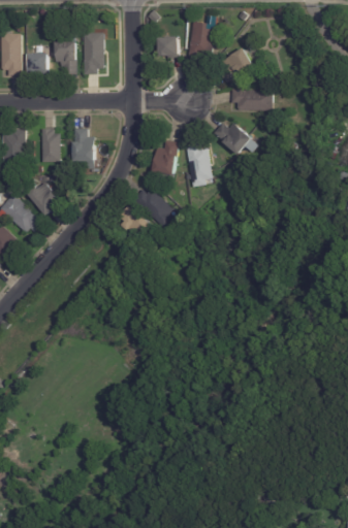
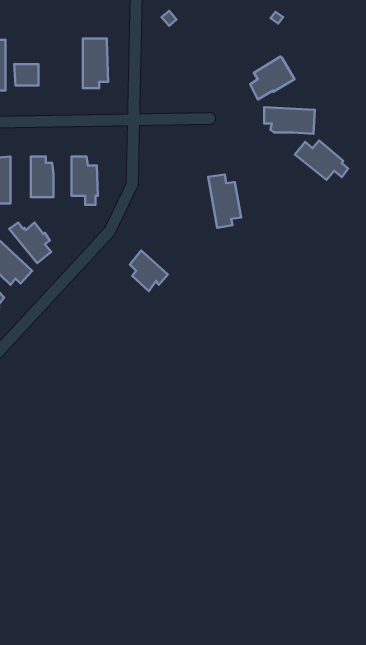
building: [187,21,215,60] -> none
building: [56,33,76,74] -> none
building: [159,36,179,57] -> none
building: [213,122,256,154] -> [295,140,348,180]
building: [153,140,177,179] -> none
building: [132,189,172,227] -> none

